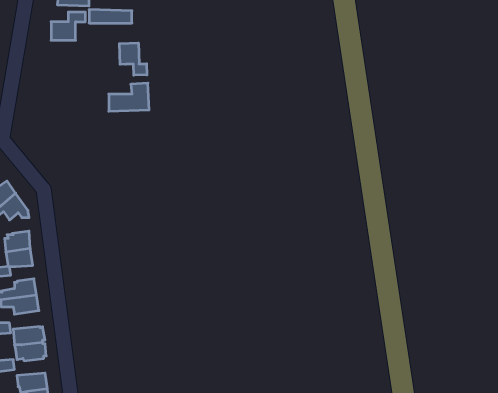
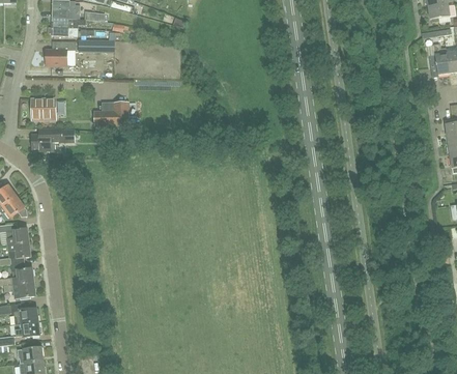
building: [119,43,147,75] -> none
building: none -> [31,97,55,120]
building: none -> [31,127,74,151]

